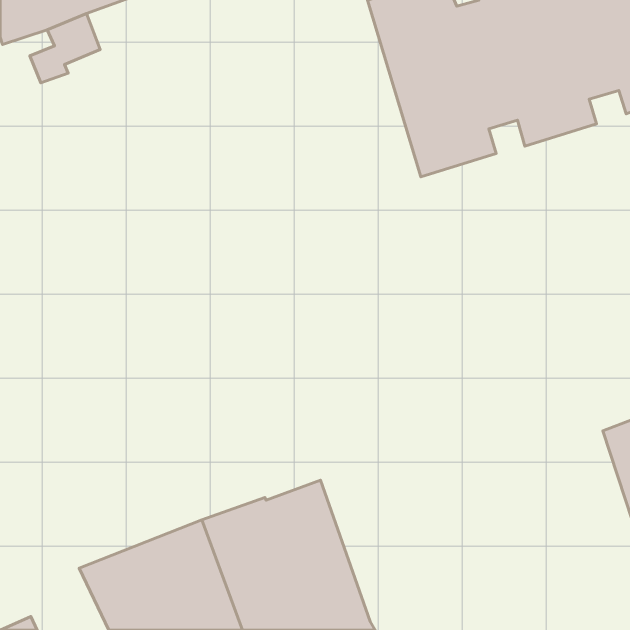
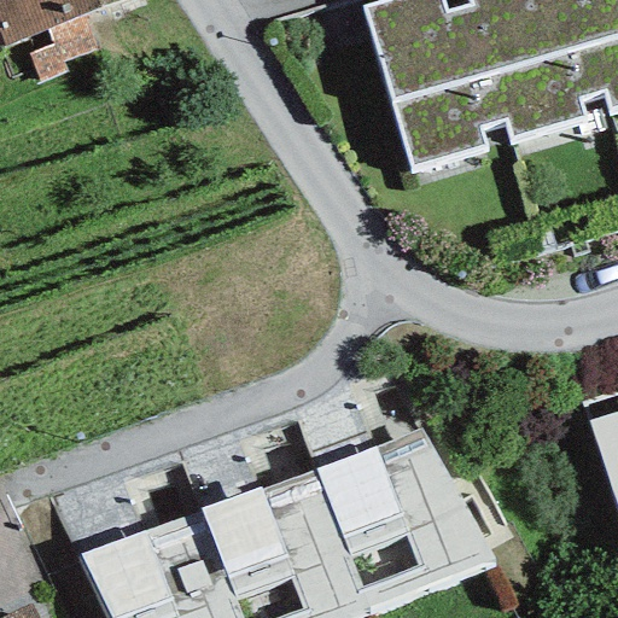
building: none -> [315,427,495,606]

